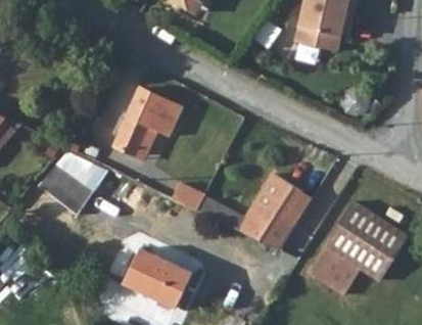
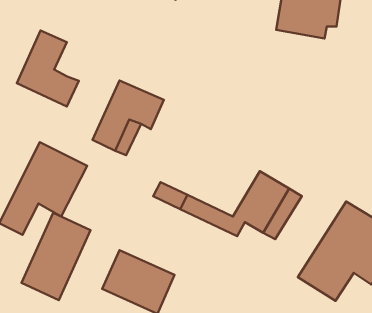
building: none -> [17,30,79,107]
building: none -> [22,213,91,300]

